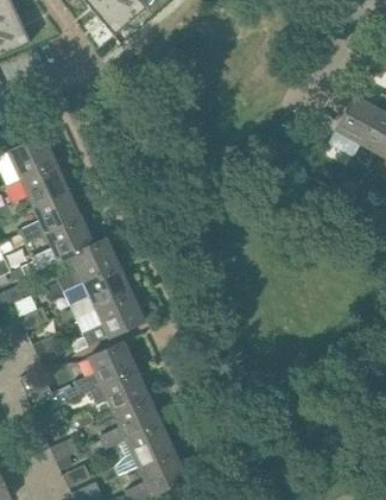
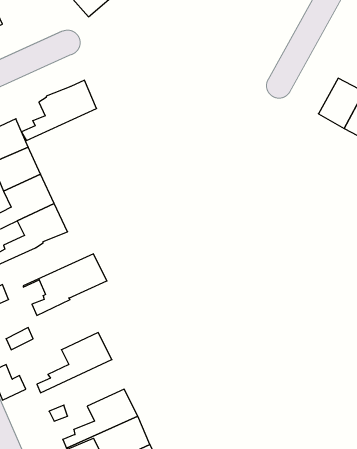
building: [46,238,119,296] -> [22,80,97,140]
building: [72,291,145,352] -> none
building: [68,367,148,412] -> none

